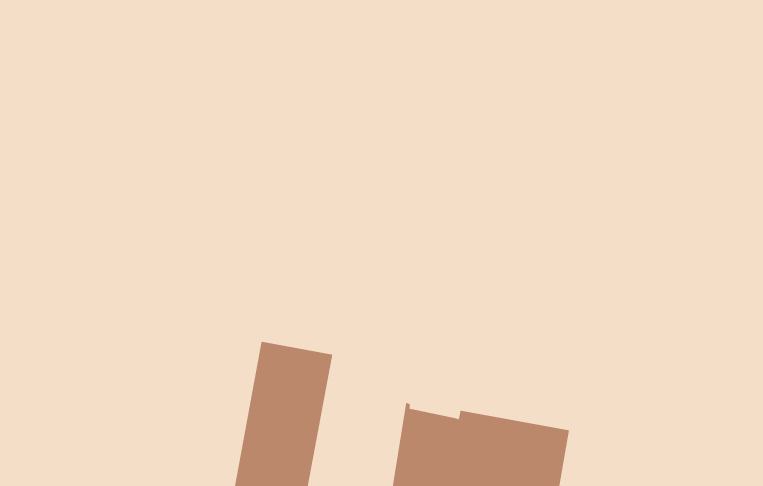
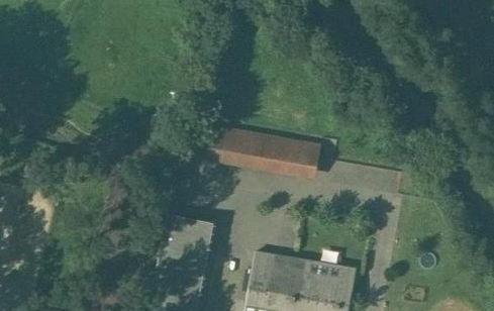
building: none -> [191,123,321,178]

